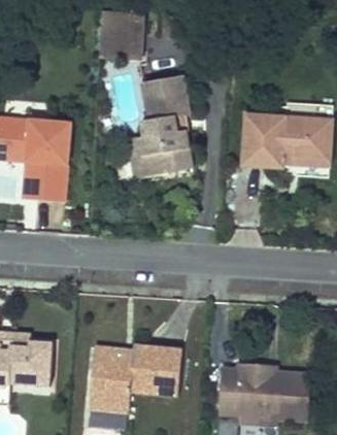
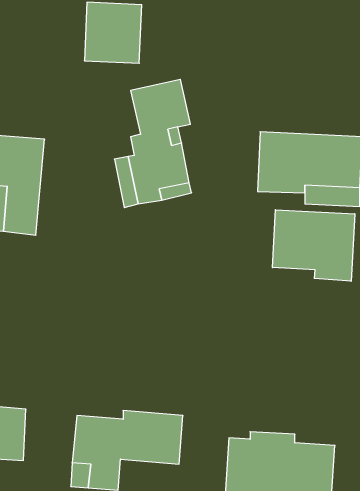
building: none -> [273,210,355,281]

